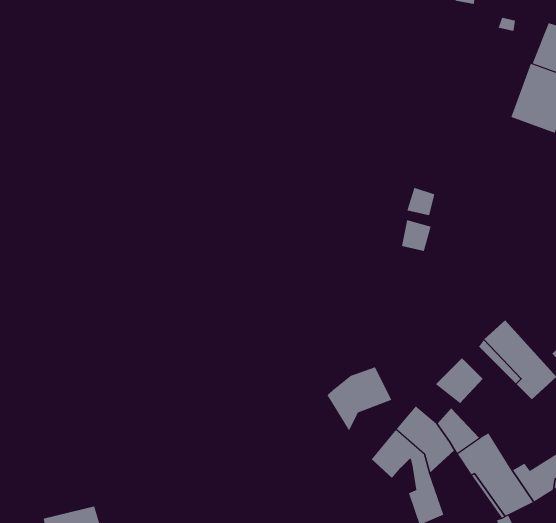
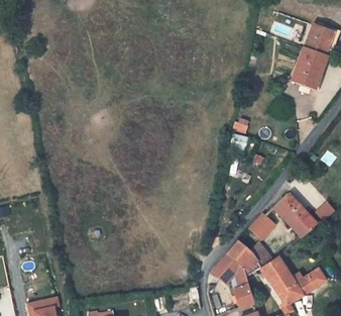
building: [327,367,392,432] -> none

